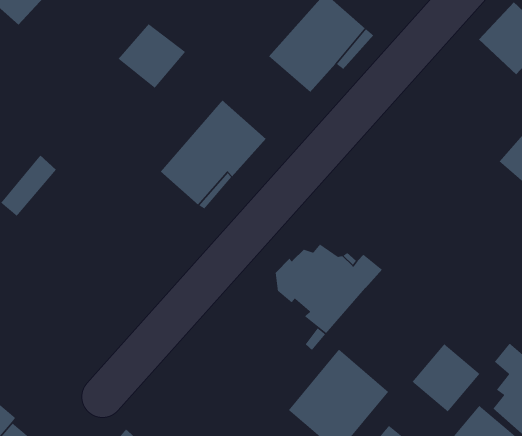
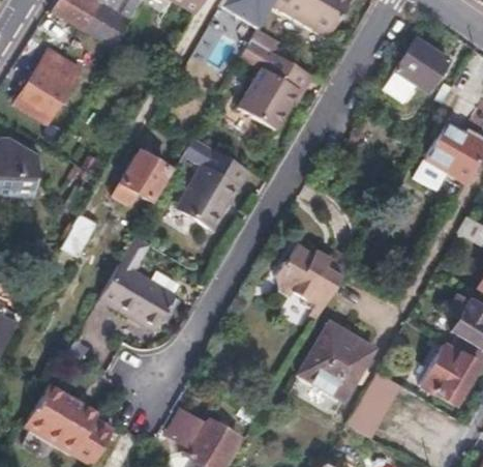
building: [117,23,186,89] -> [119,152,170,201]
building: none -> [98,263,176,334]
building: [412,343,480,412] -> none

